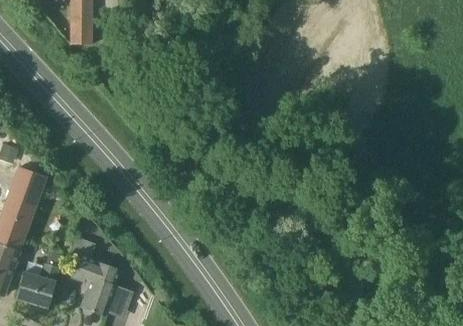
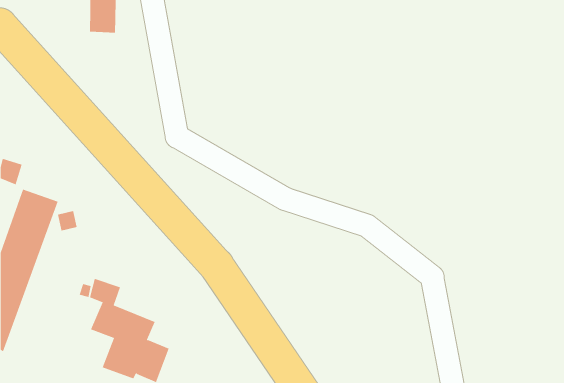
building: [16,263,59,308] -> none

